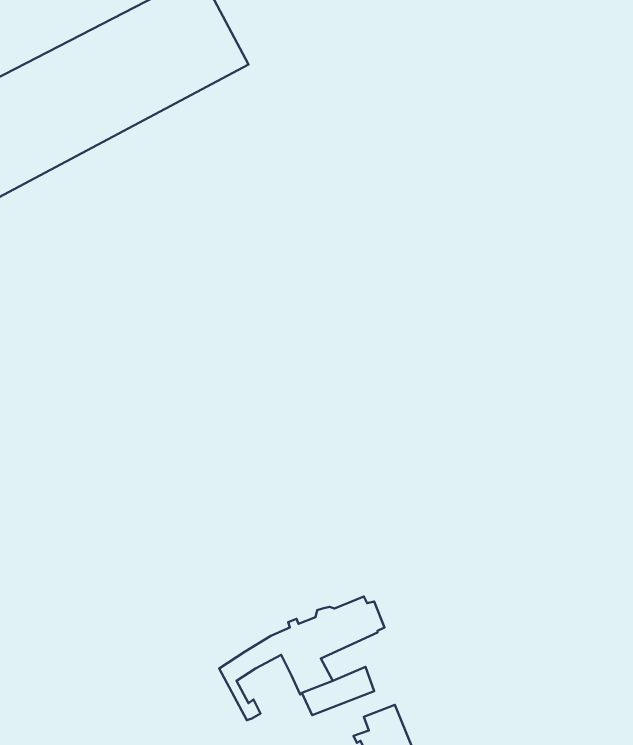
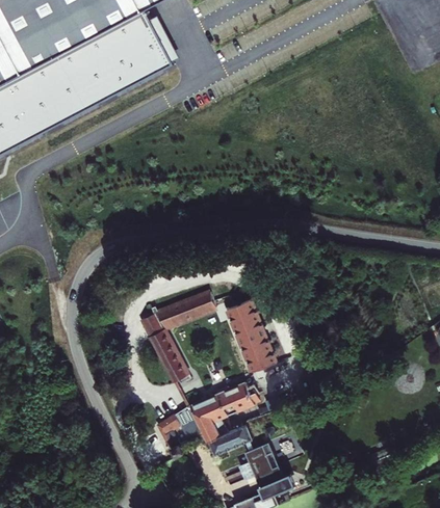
building: none -> [139,290,213,380]
building: none -> [226,298,275,370]

